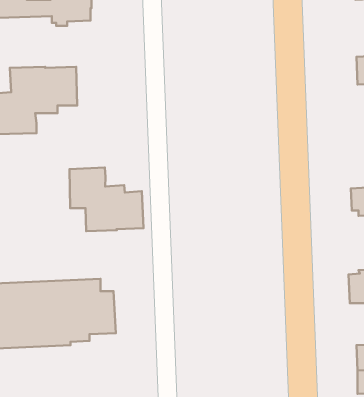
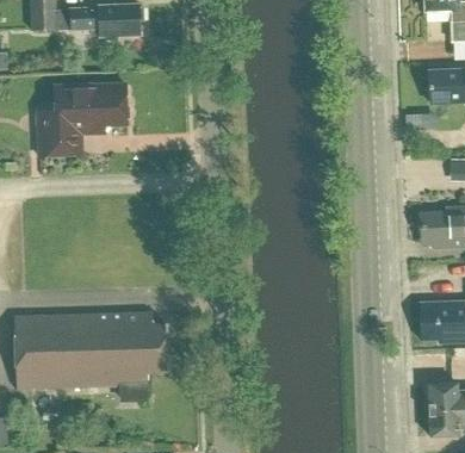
building: [69,168,143,231] -> none

